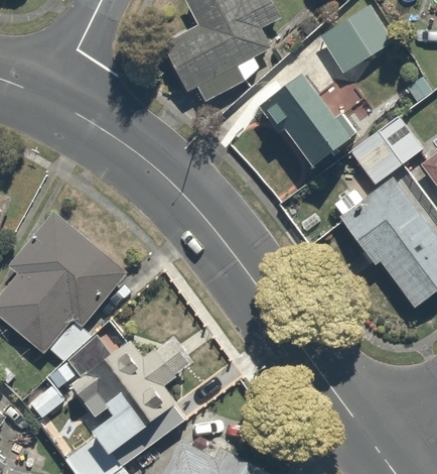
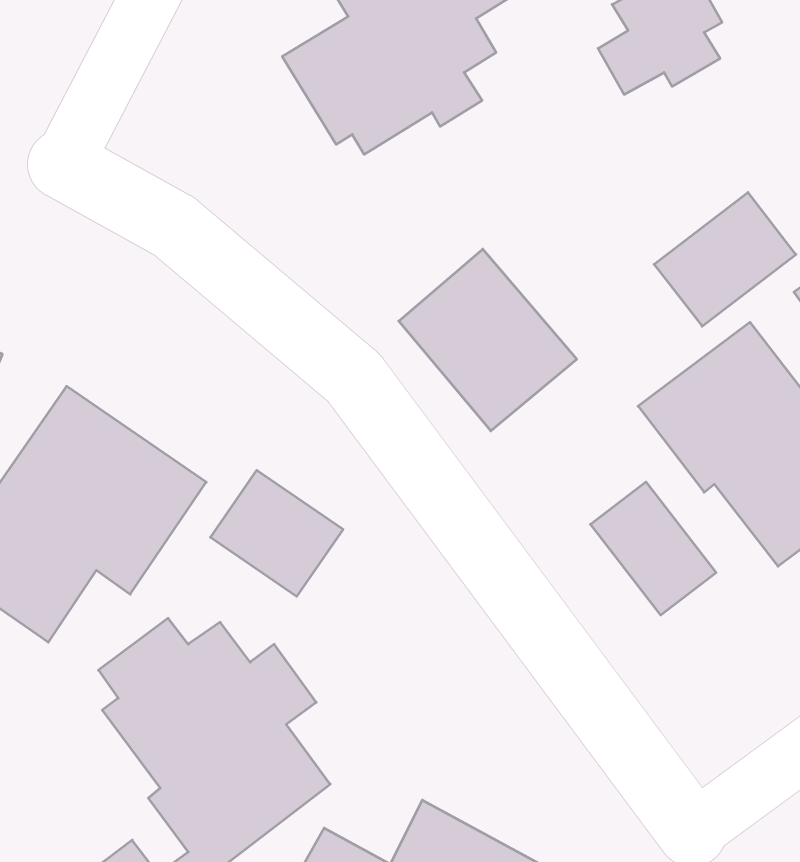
building: [258,74,347,165] -> [399,249,577,431]
building: none -> [210,470,343,596]
building: none -> [590,482,716,615]

